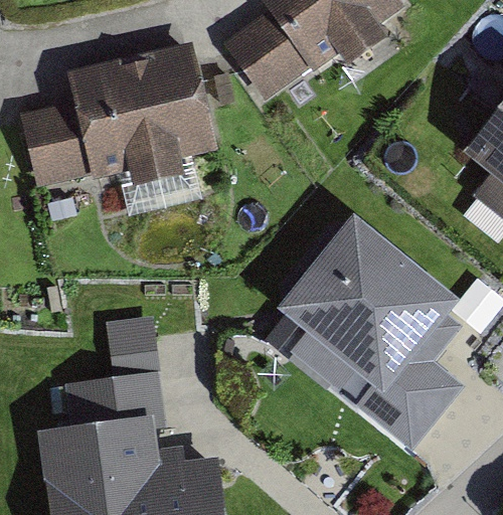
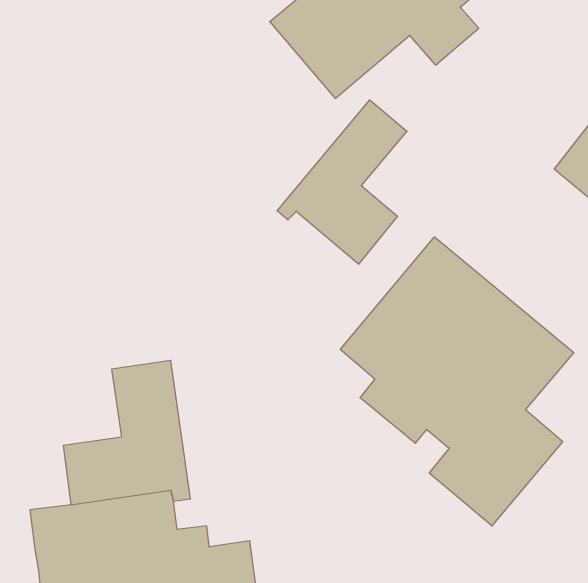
building: [28,49,211,185] -> none
building: none -> [277,100,407,264]

